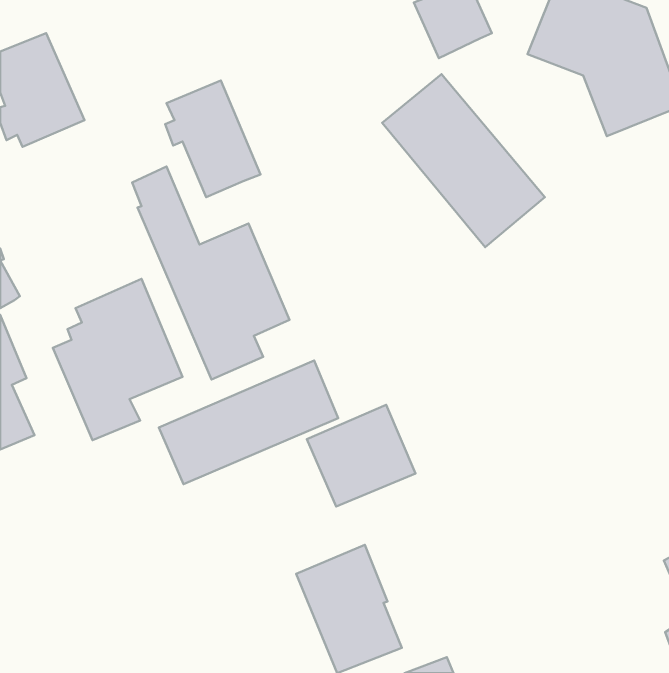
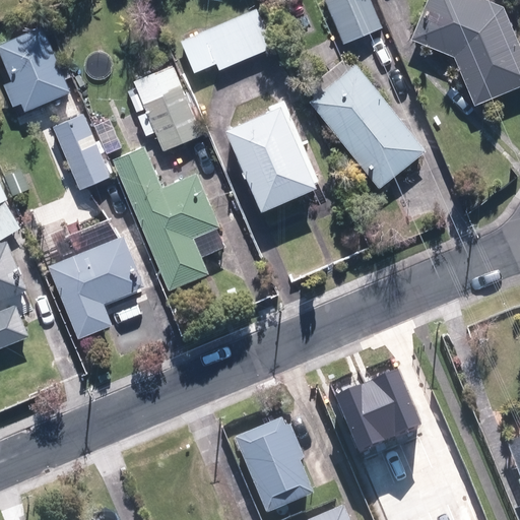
building: none -> [180,6,277,73]
building: none -> [219,104,321,213]
building: none -> [53,114,111,189]
building: [159,361,338,484] -> none
building: [307,405,415,507] -> [341,369,425,447]

